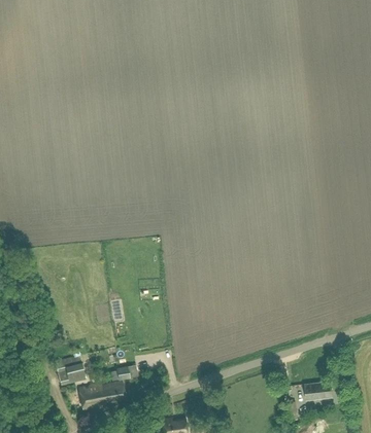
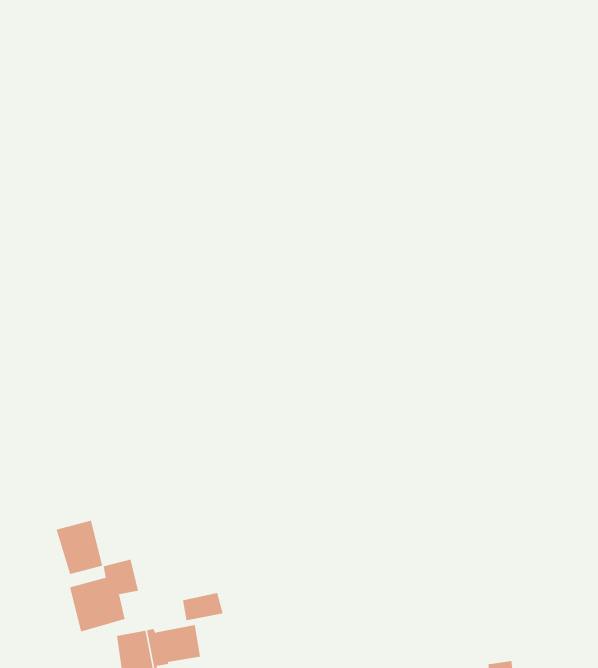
building: none -> [56,520,103,575]
building: [304,382,332,400] -> none

